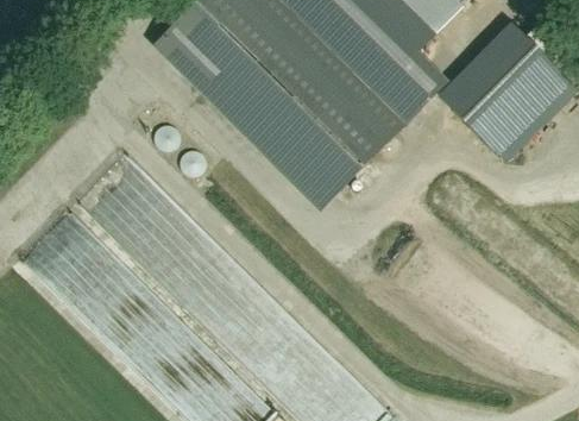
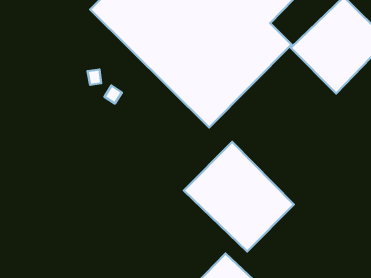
building: none -> [184,142,294,252]

